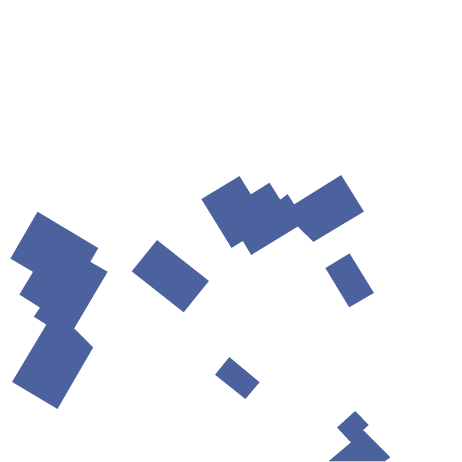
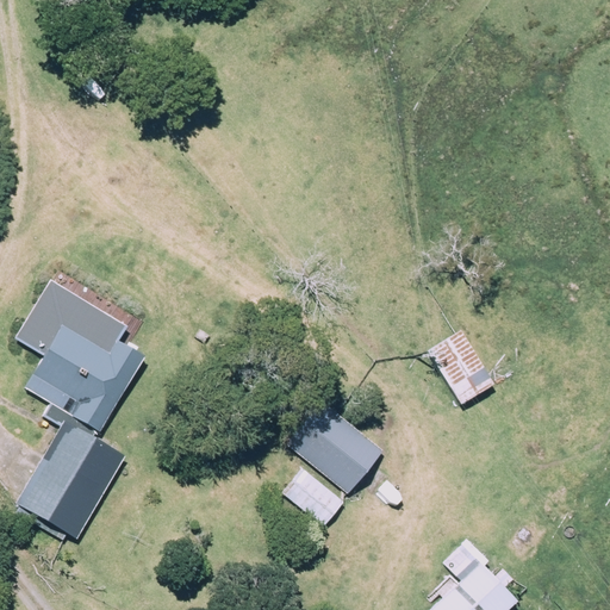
building: [200,174,365,256] -> none
building: [131,239,210,313] -> [280,398,385,496]

